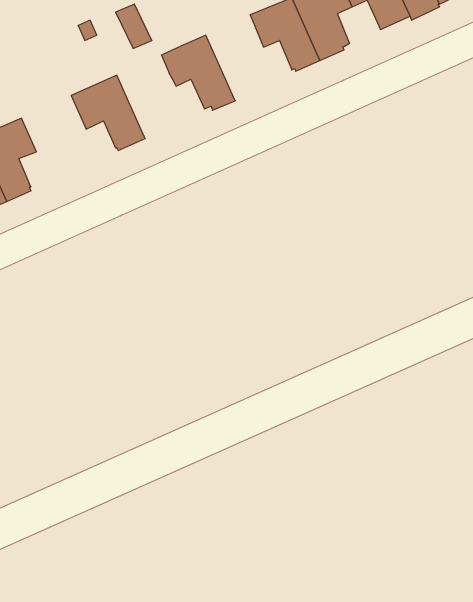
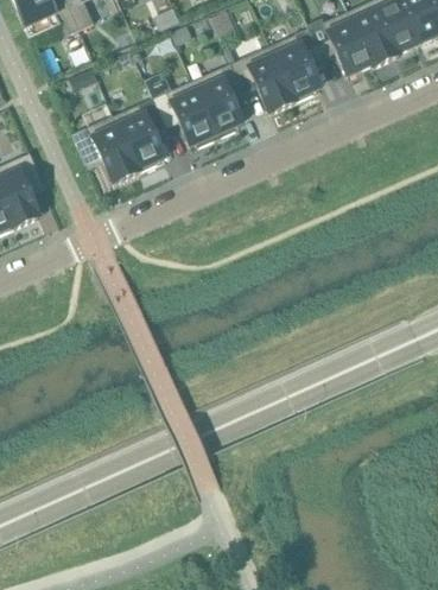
building: none -> [192,62,243,138]
building: none -> [114,97,166,169]

